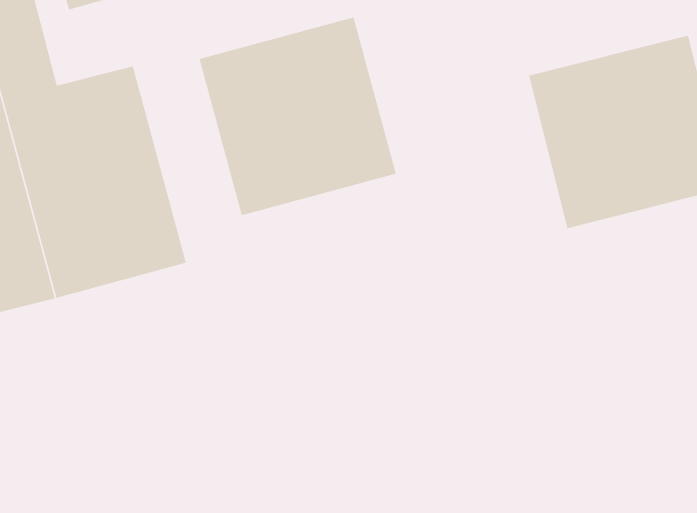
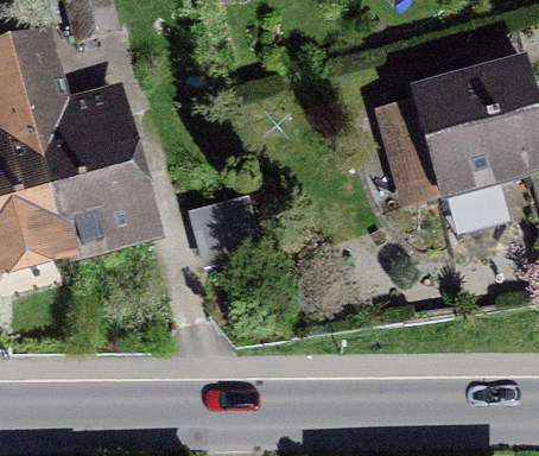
building: [198,16,397,216] -> none

